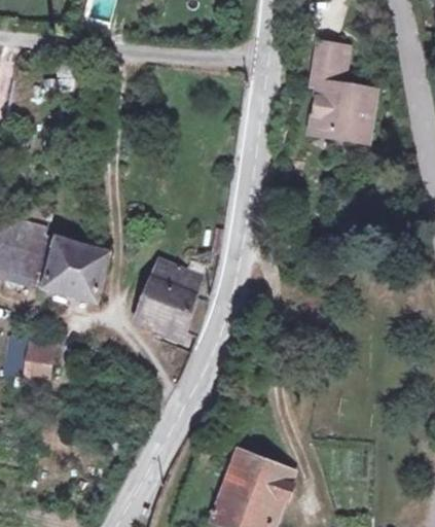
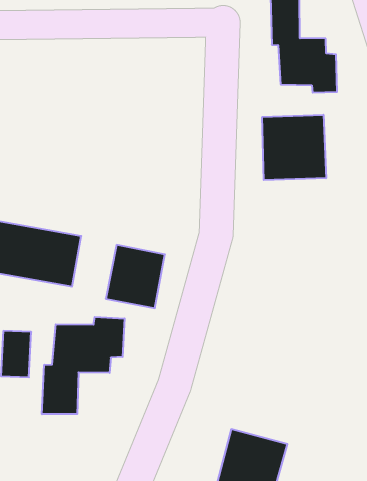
building: none -> [262,115,326,180]
building: none -> [42,317,125,414]

